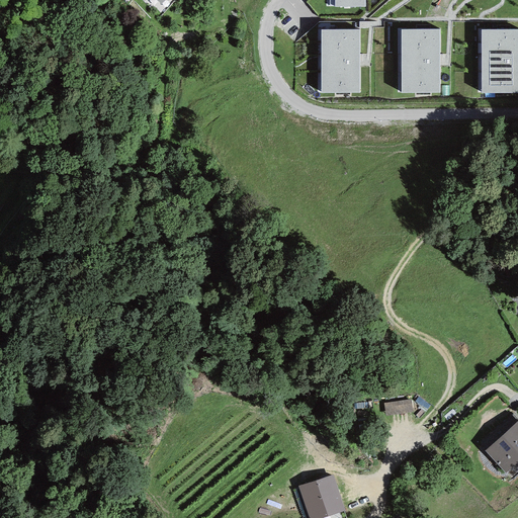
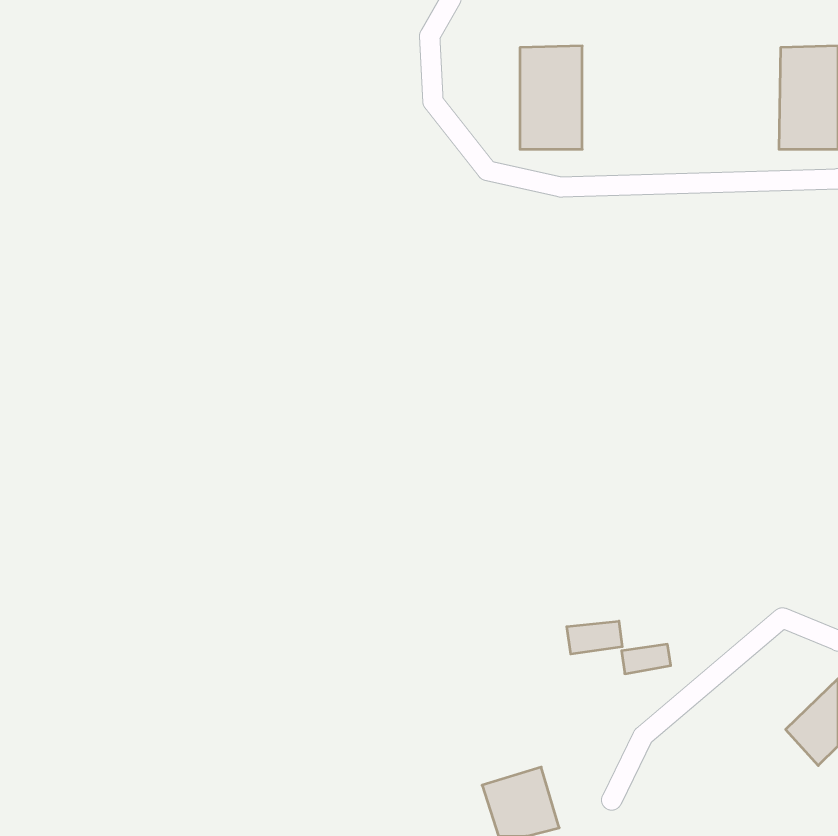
building: [401,28,439,92] -> none
building: none -> [567,621,622,654]

